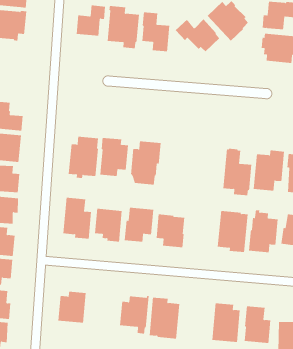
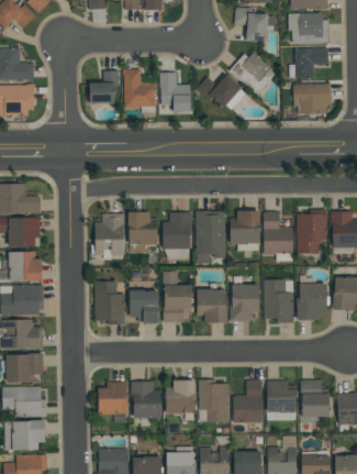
building: none -> [194,210,225,263]
building: none -> [230,211,259,250]
building: none -> [230,284,259,321]
building: none -> [131,382,160,418]
building: none -> [233,378,261,422]

